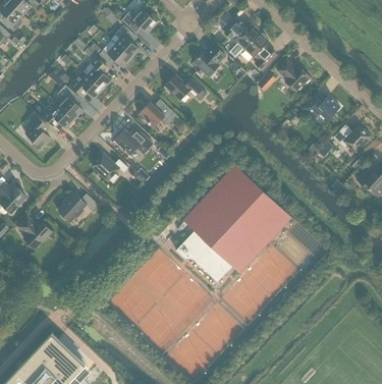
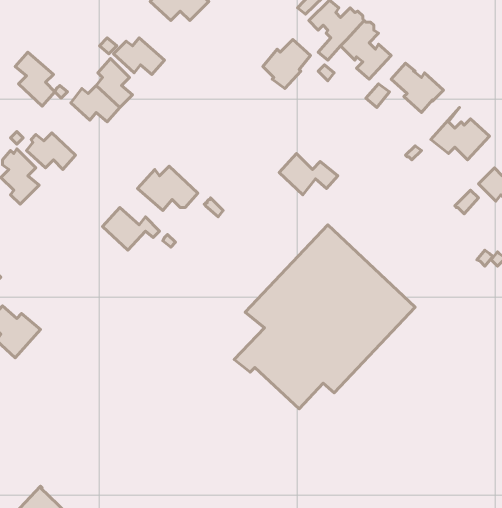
building: [114,23,139,57] -> none
building: [164,73,202,100] -> [279,154,338,195]
building: [56,84,81,118] -> [15,52,55,106]
building: [139,98,176,126] -> none
building: [57,190,98,221] -> none

